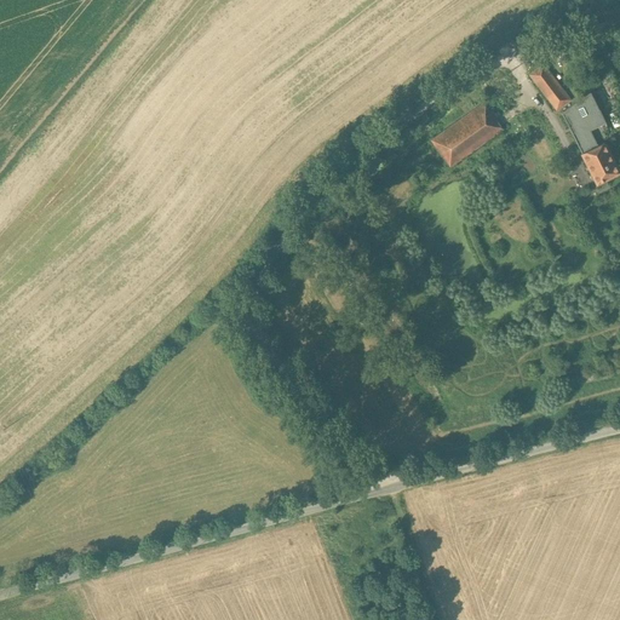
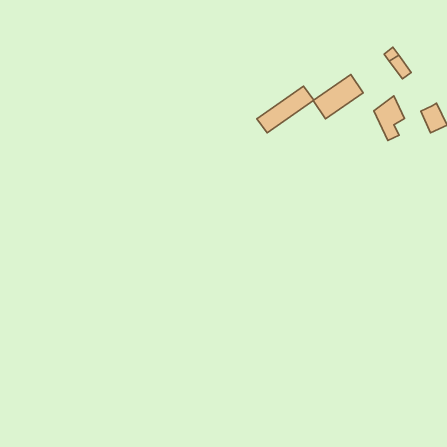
building: [563,92,605,154] -> [374,96,404,140]
building: none -> [257,86,314,133]

